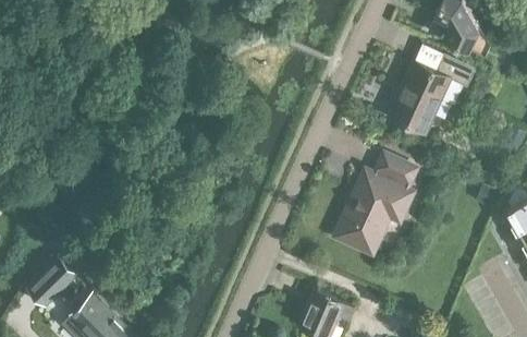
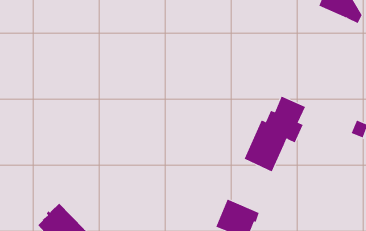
building: [388,55,476,136] -> none
building: [26,257,77,309] -> none

